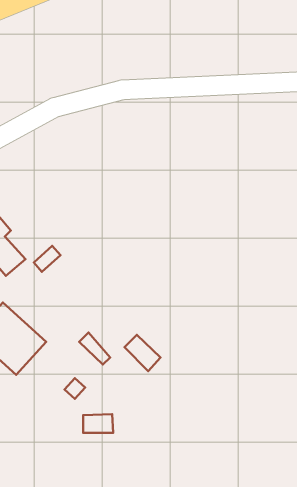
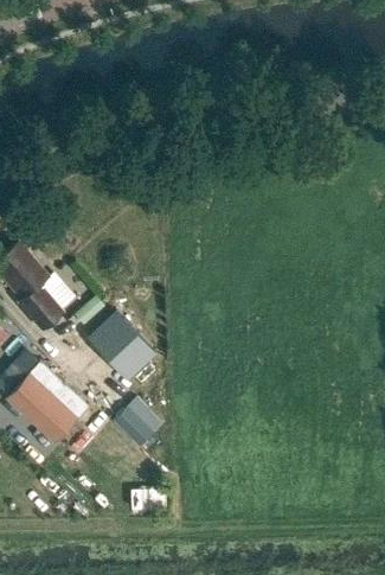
building: none -> [89,305,152,368]
building: [124,335,160,371] -> [113,407,154,448]

